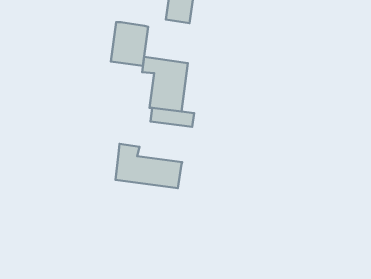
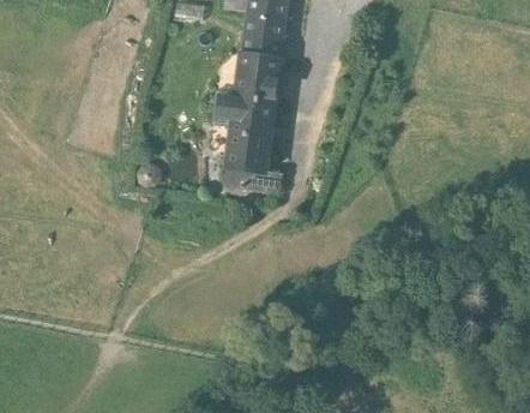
building: [111,22,148,66] -> [233,44,282,102]
building: [116,144,182,188] -> none

